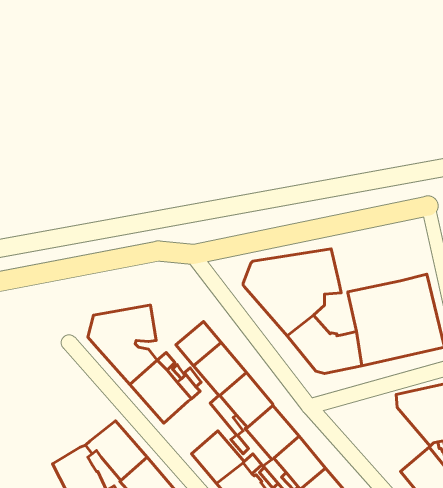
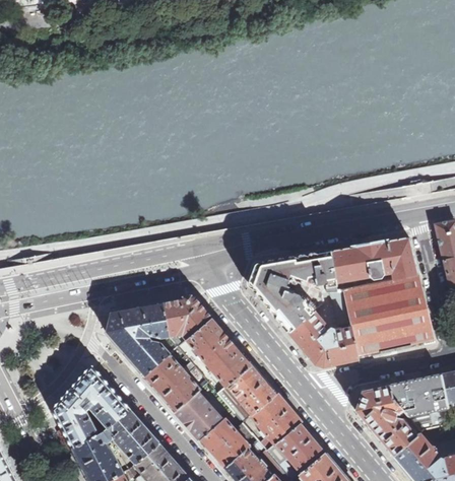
building: none -> [329,236,417,281]
building: none -> [323,291,352,330]
building: none -> [162,297,211,339]
building: none -> [52,365,130,449]
building: none -> [354,385,420,456]
building: none -> [175,391,222,439]

